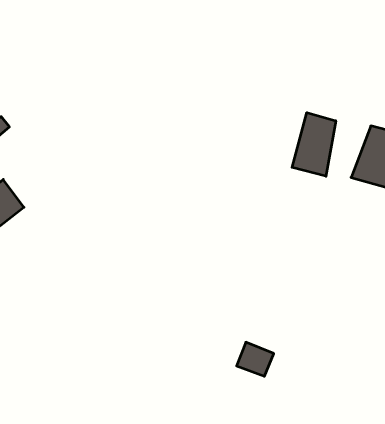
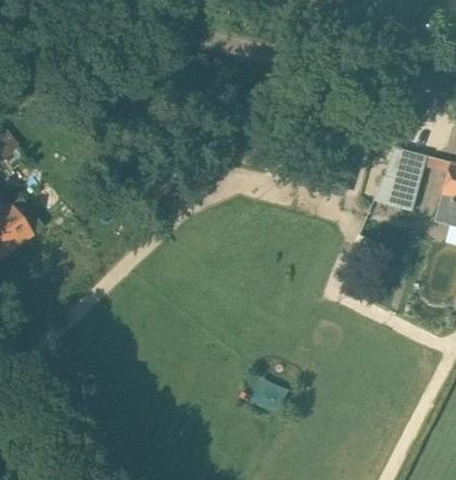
building: [292,113,336,176] -> none

